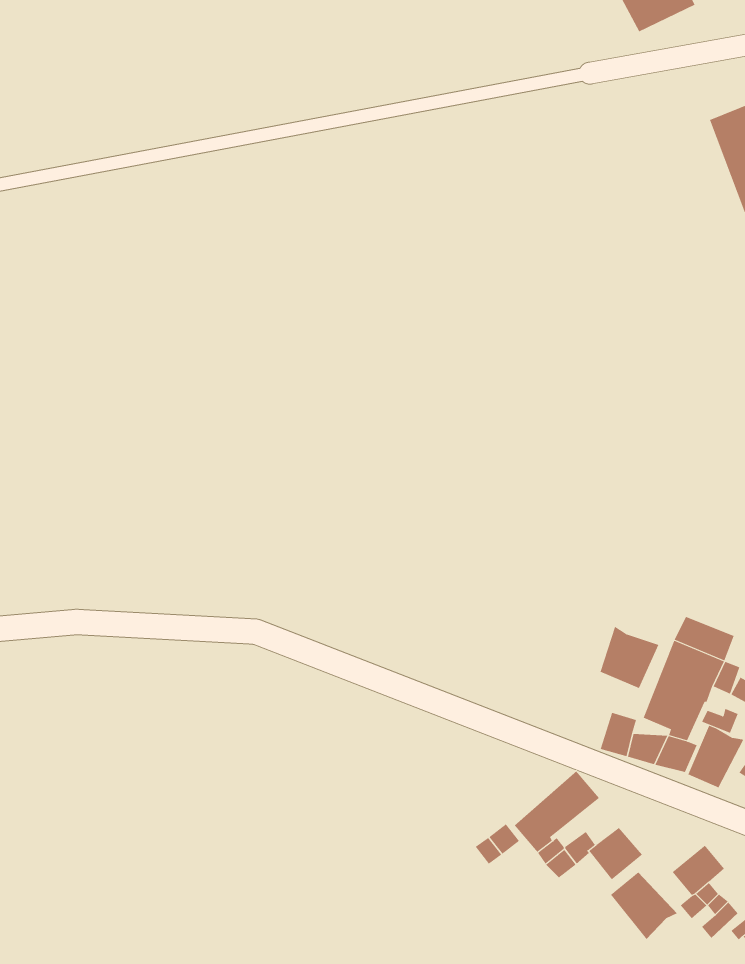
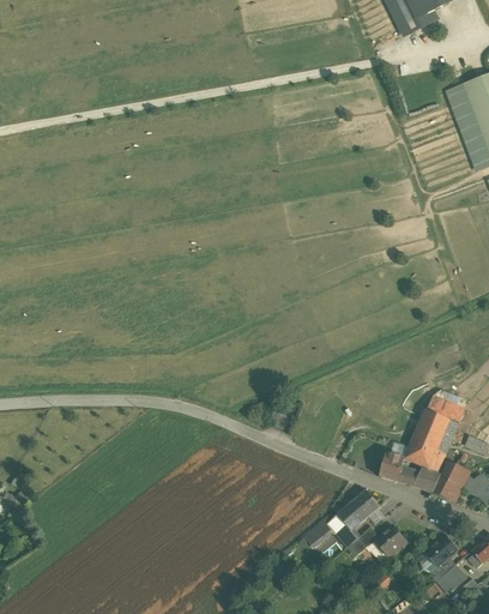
building: [600,626,659,689] -> none
building: [610,872,678,940] -> none

